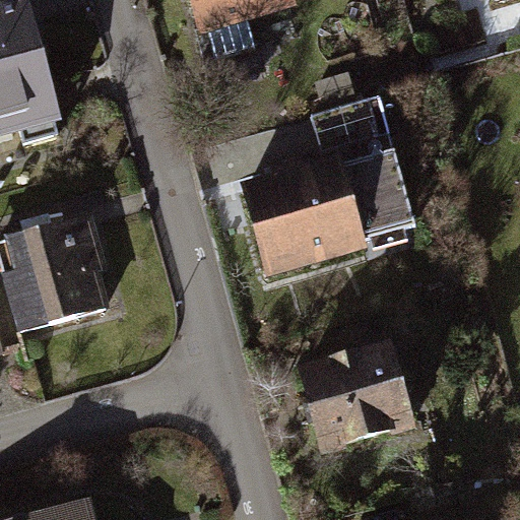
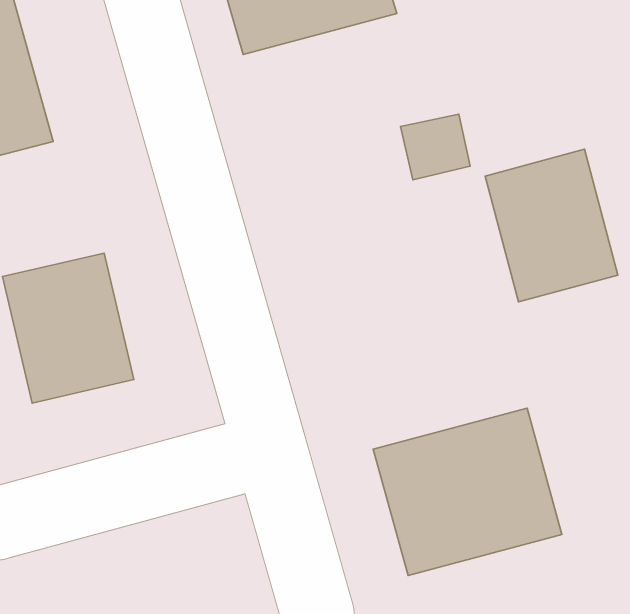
building: none -> [485,149,618,302]
building: [243,155,396,292] -> none

